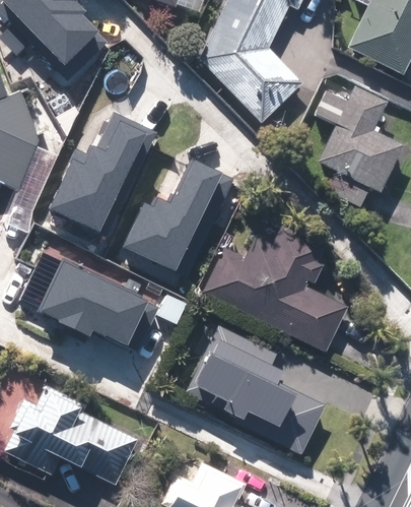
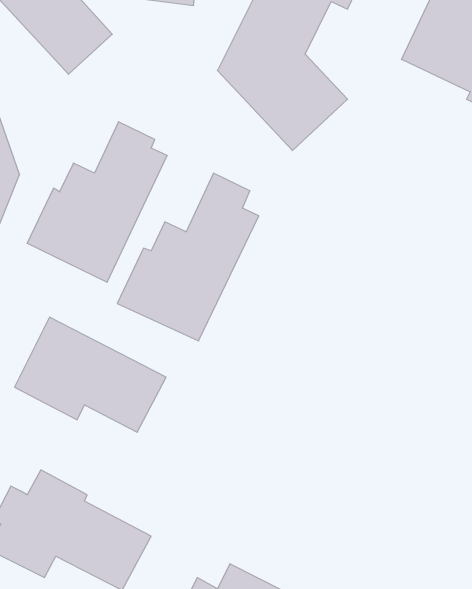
building: [310,89,400,209] -> none
building: [201,226,343,351] -> none
building: [187,325,320,452] -> none

